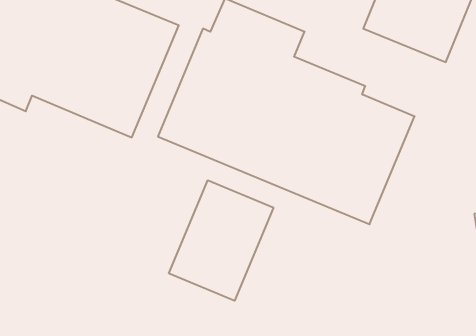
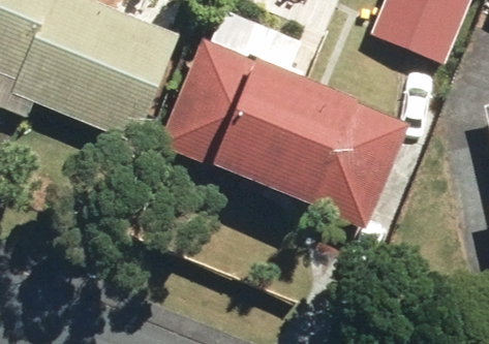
building: [169,180,273,301] -> none

